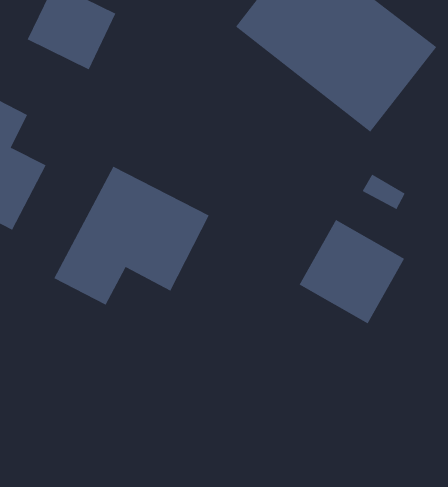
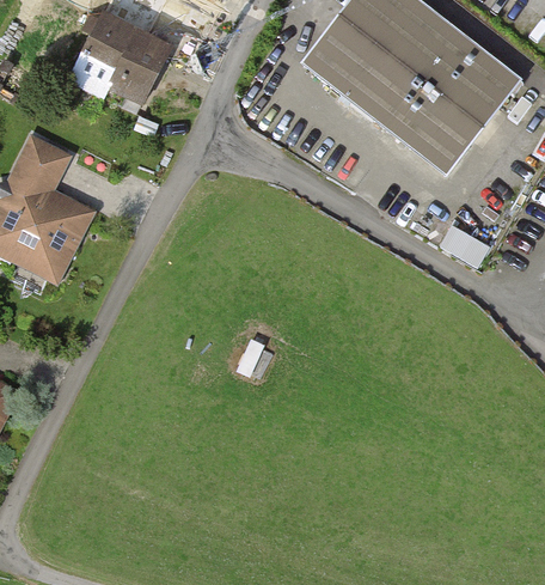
building: [53,166,209,305] -> none
building: [299,219,405,324] -> none

